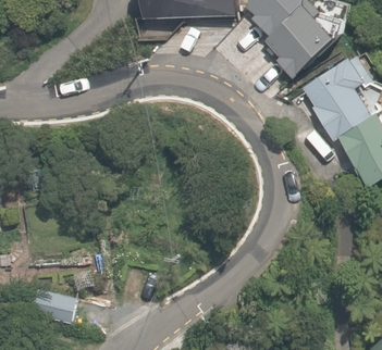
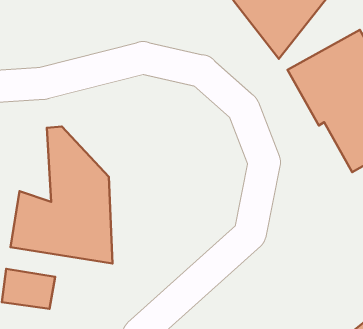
building: none -> [11,126,112,263]

